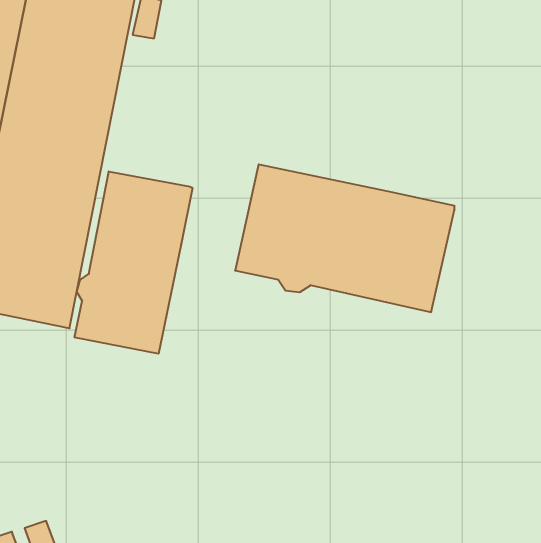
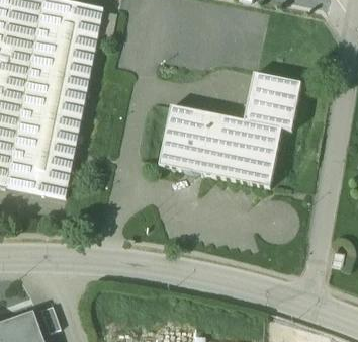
building: none -> [245,72,301,133]
building: [75,171,192,354] -> none

